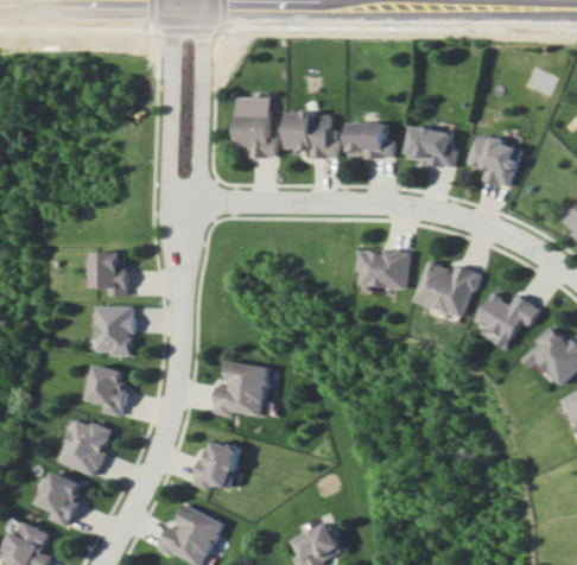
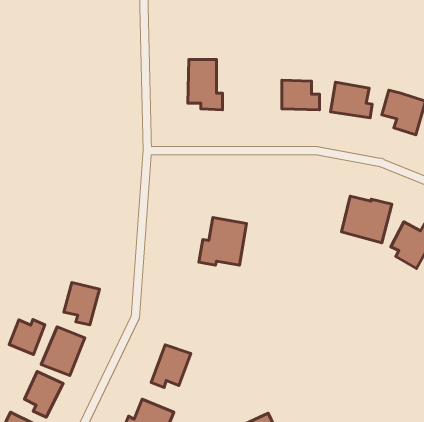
building: [287,113,337,158] -> none
building: [361,249,411,288] -> none
building: [94,252,129,296] -> none
building: [97,306,134,354] -> none
building: [213,360,270,417] -> [199,218,246,265]
building: none -> [9,319,45,354]

